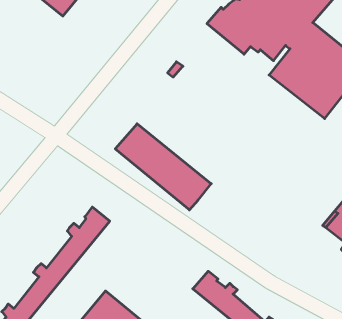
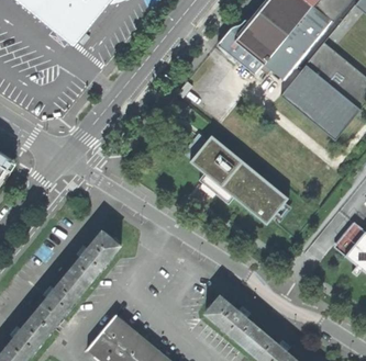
building: [115,124,211,210] -> [192,137,289,224]

